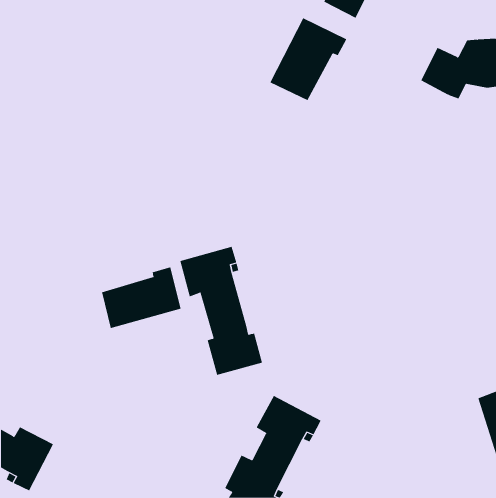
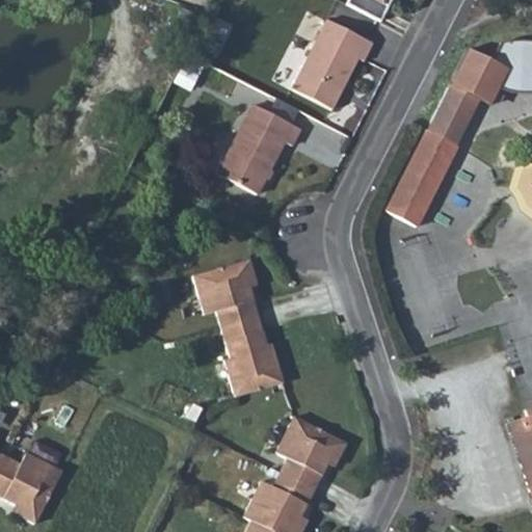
building: none -> [390,85,480,218]
building: none -> [222,104,302,192]
building: [101,267,181,329] -> none

